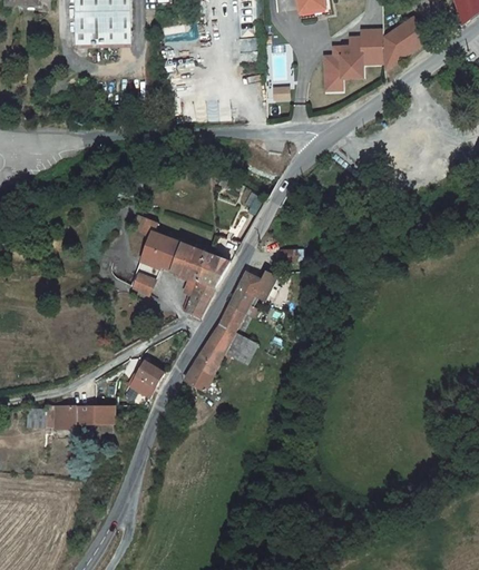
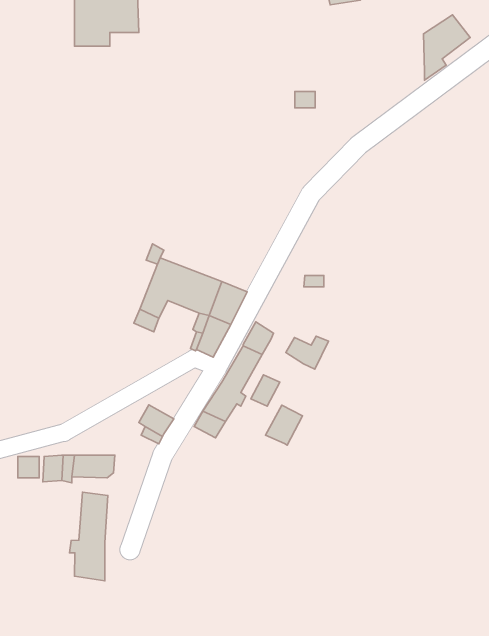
building: [322,27,382,90] -> none
building: [236,274,274,303] -> [286,336,329,369]
building: none -> [265,405,302,445]
building: none -> [69,492,108,581]

